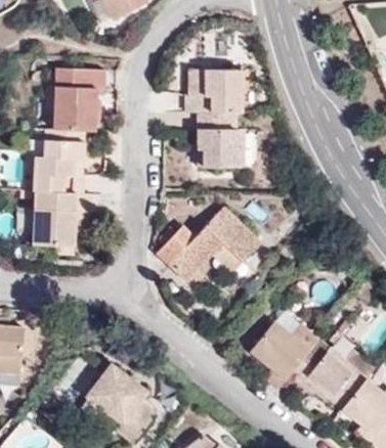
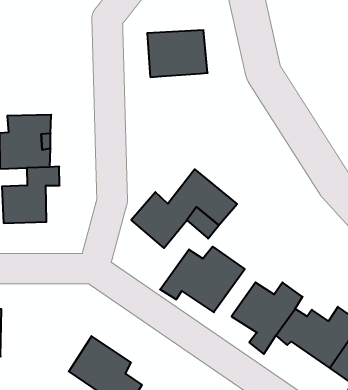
building: [53,69,105,130] -> none
building: [198,113,245,167] -> none
building: none -> [160,247,245,312]

